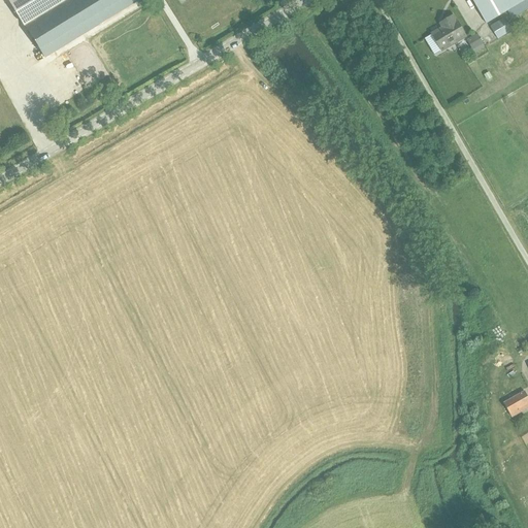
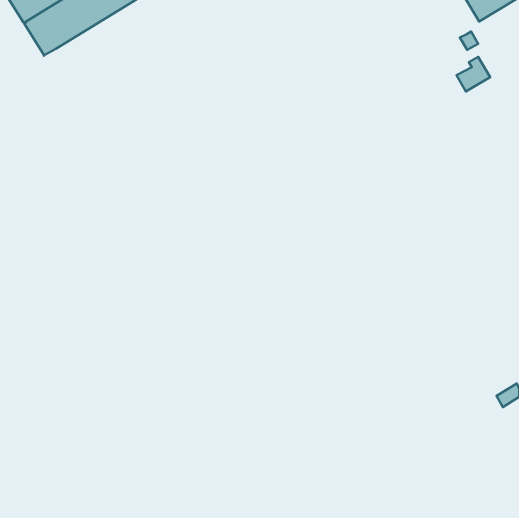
building: [431,13,465,48] -> [457,57,490,92]

